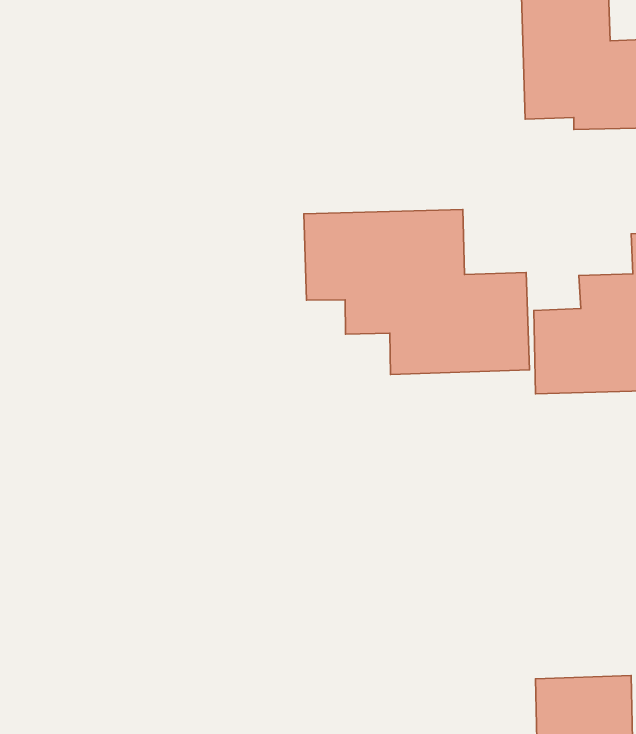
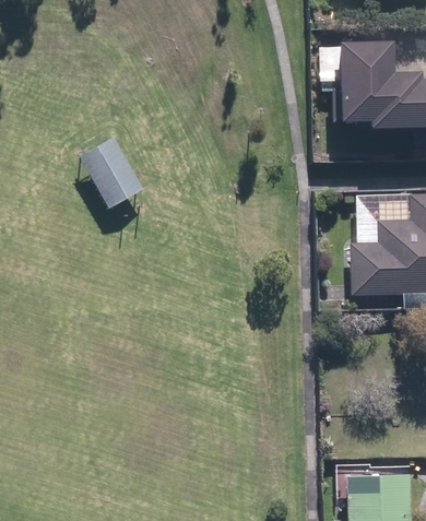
building: none -> [80,137,143,208]
building: [304,209,529,375] -> none

